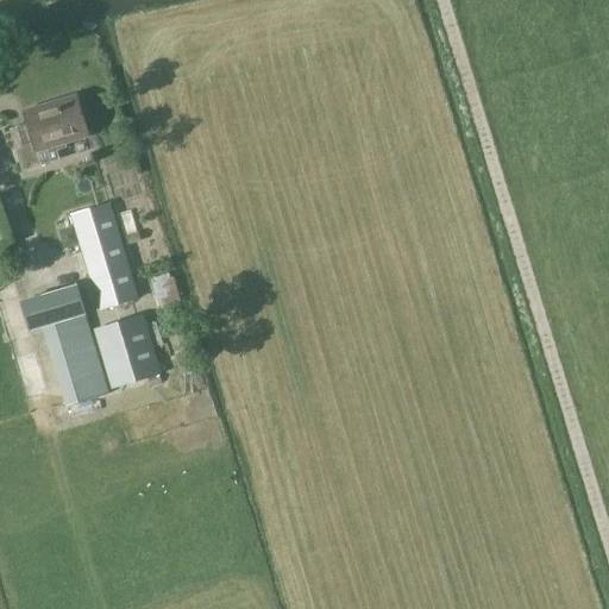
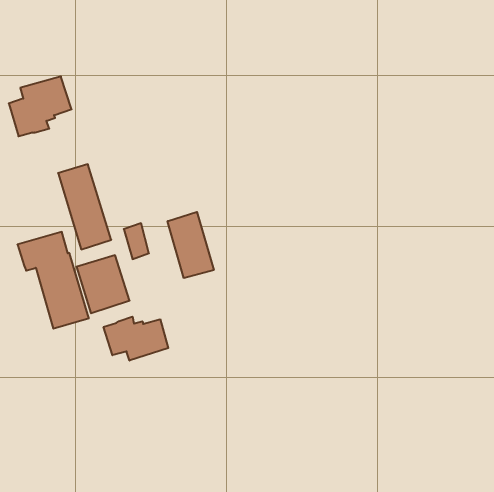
building: none -> [168,212,214,278]
building: none -> [104,317,168,361]

